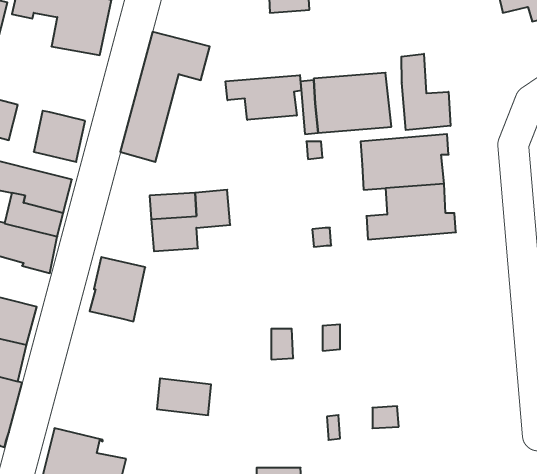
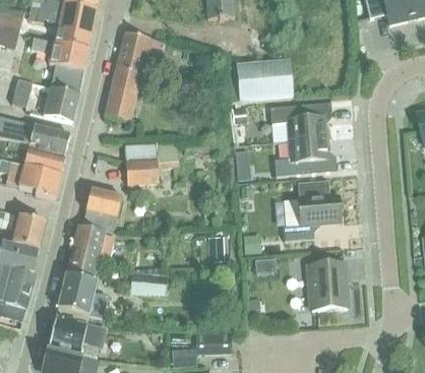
building: none -> [32,37,89,92]
building: [401,54,450,130] -> none
building: [226,75,301,120] -> none
building: none -> [283,179,341,240]
building: none -> [67,223,114,274]
building: none -> [309,261,347,309]
building: none -> [58,273,108,317]

